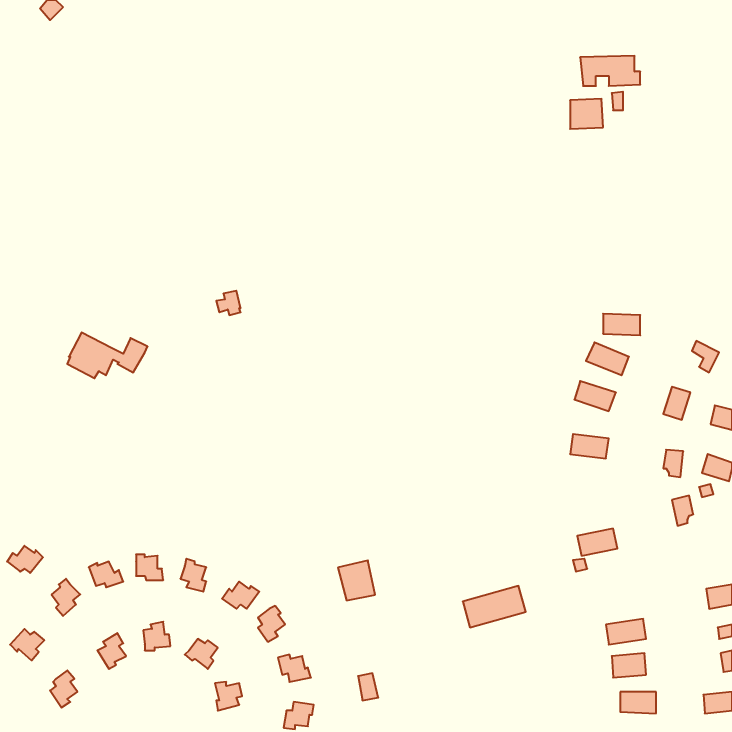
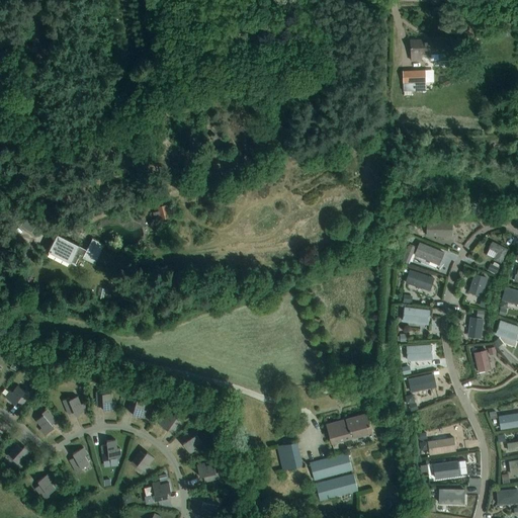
building: none -> [407,344,432,361]
building: [338,560,375,600] -> [276,441,303,469]
building: none -> [310,452,358,501]

